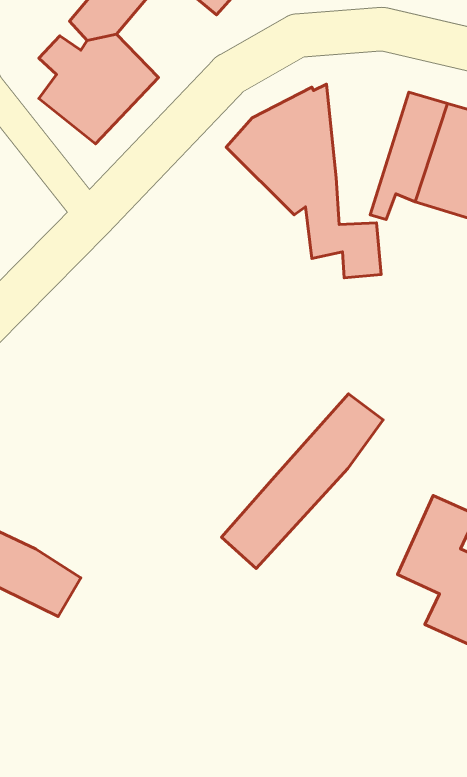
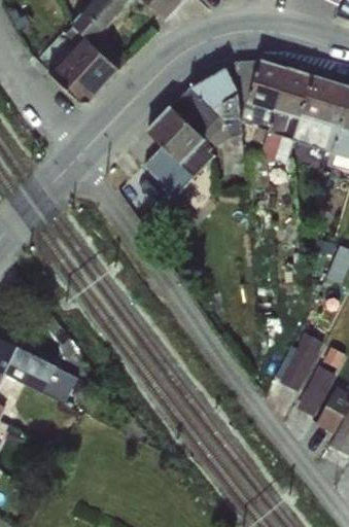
building: none -> [235,62,287,148]
building: none -> [146,105,220,188]
building: [222,394,383,569] -> none

